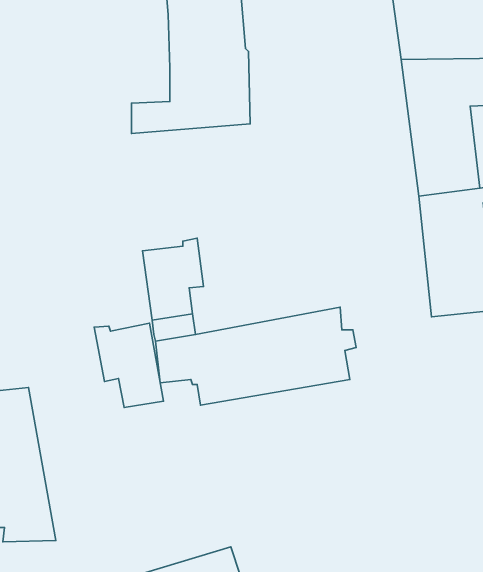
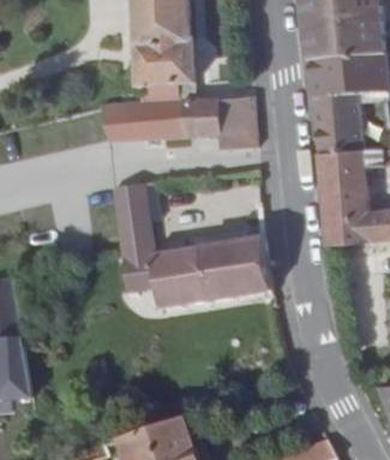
building: none -> [102,97,253,151]
building: [94,323,164,407] -> none

